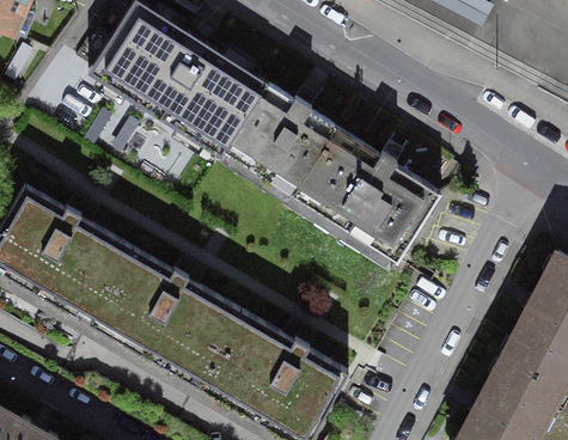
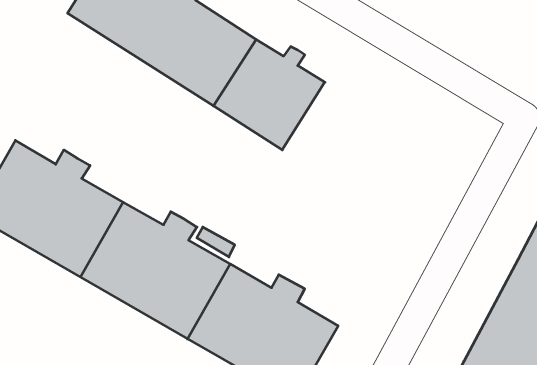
building: [293,126,440,259] -> none

